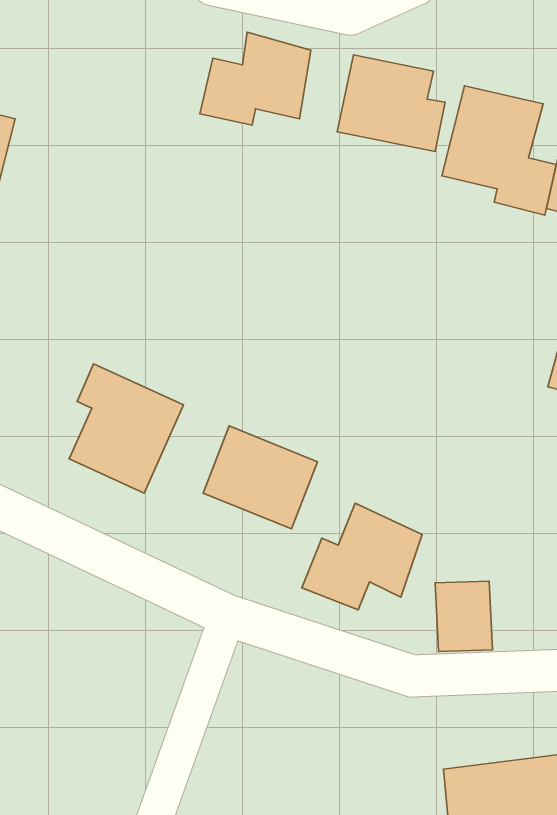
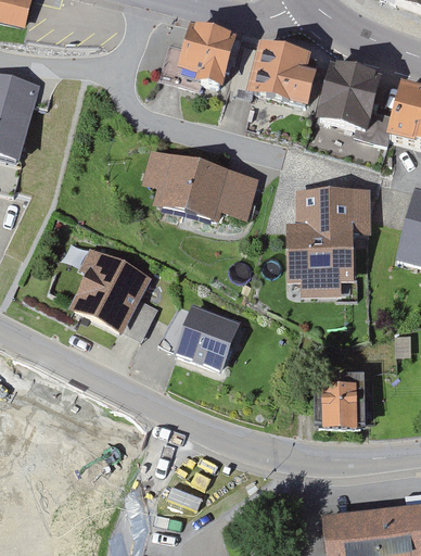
building: none -> [146,148,261,230]
building: none -> [285,188,369,299]
building: [302,503,422,610] -> none

